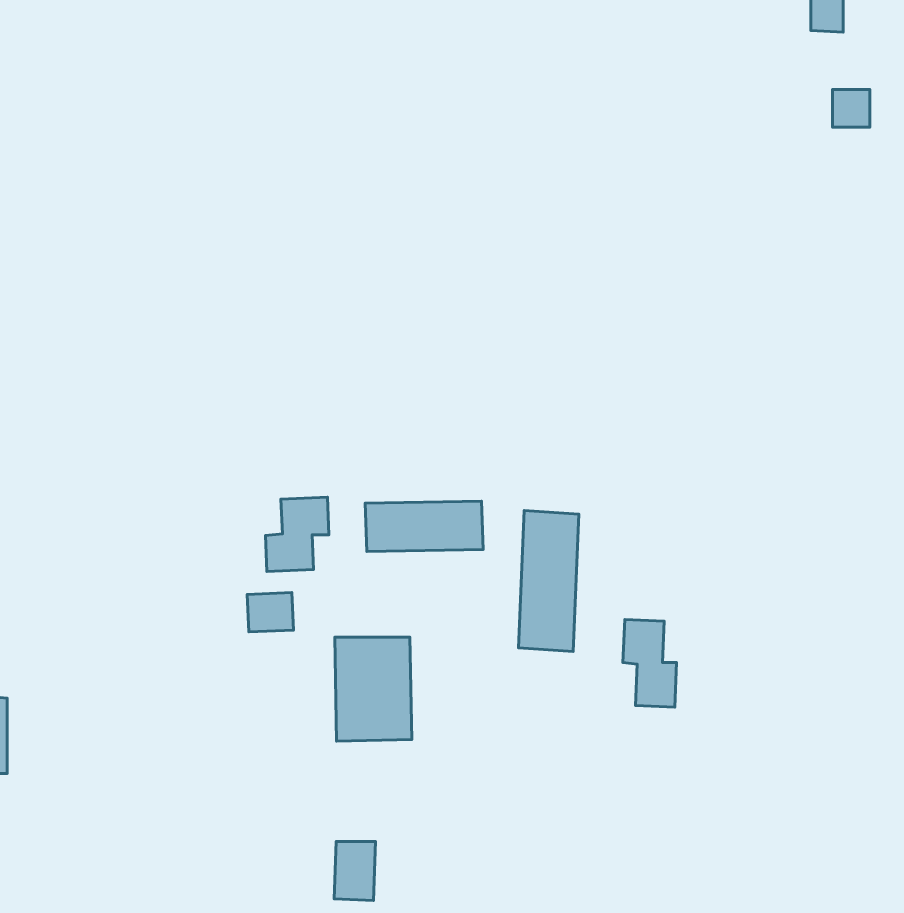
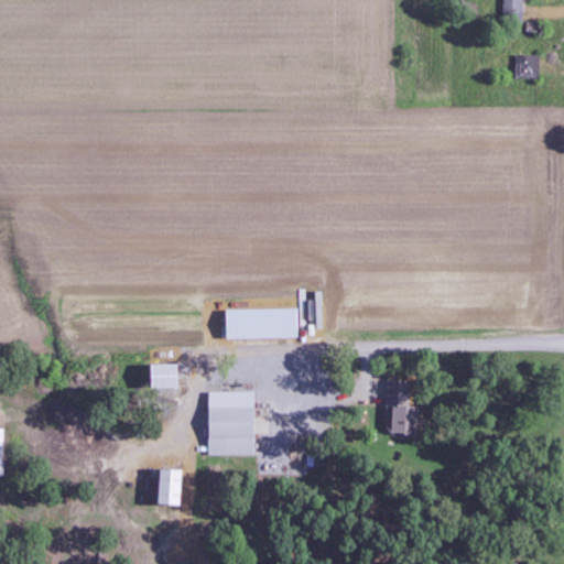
building: [265,497,329,572] -> none
building: [519,511,579,651] -> none
building: [334,841,375,901] -> [158,470,183,507]

